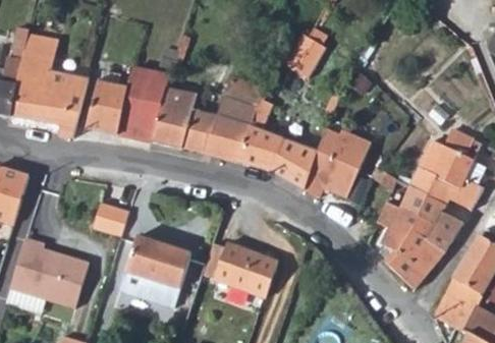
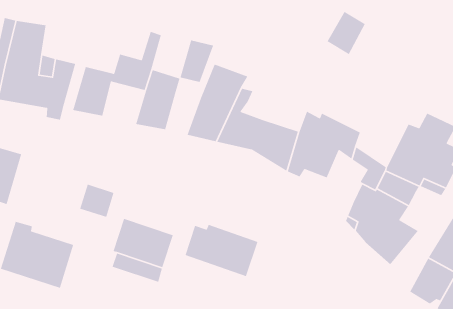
building: [287,32,328,77] -> [327,11,366,55]
building: [116,97,160,140] -> none
building: [181,107,217,152] -> [180,39,214,83]
building: [424,210,464,250] -> none

